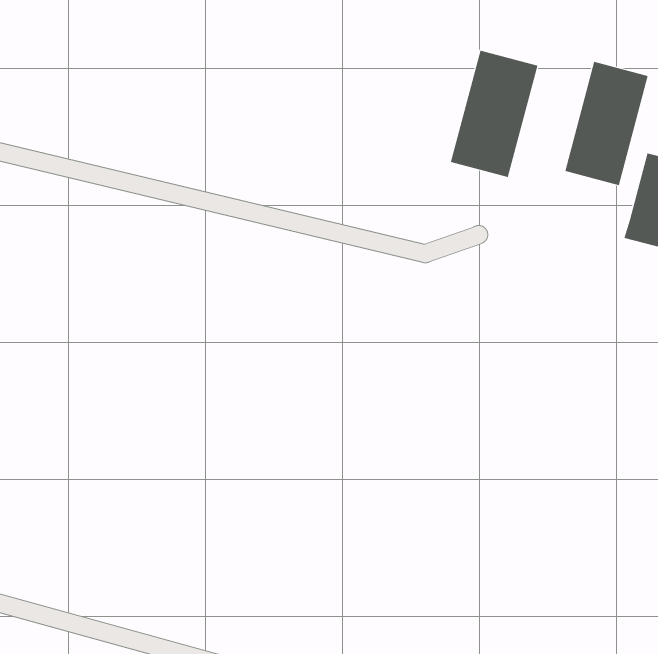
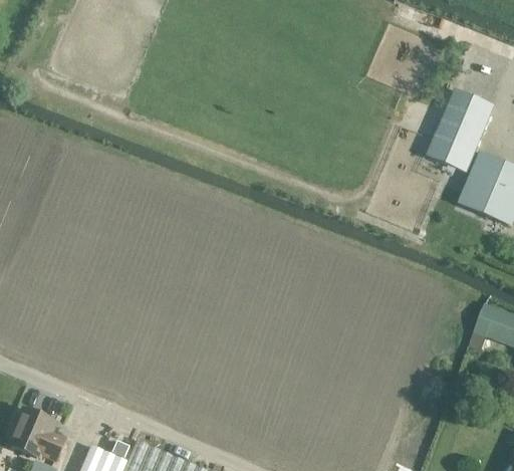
building: [450,50,538,178] -> none

